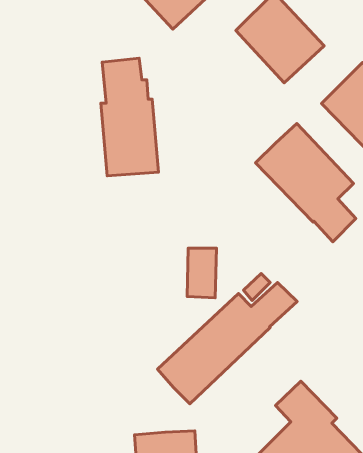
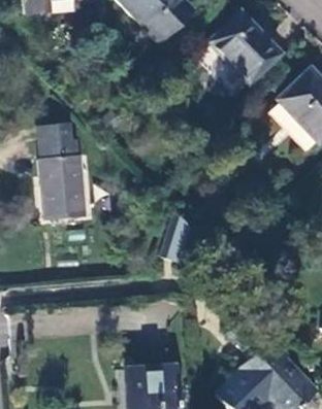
building: [101,58,159,176] -> [39,124,86,218]
building: [256,123,356,242] -> none
building: [157,282,297,404] -> none

